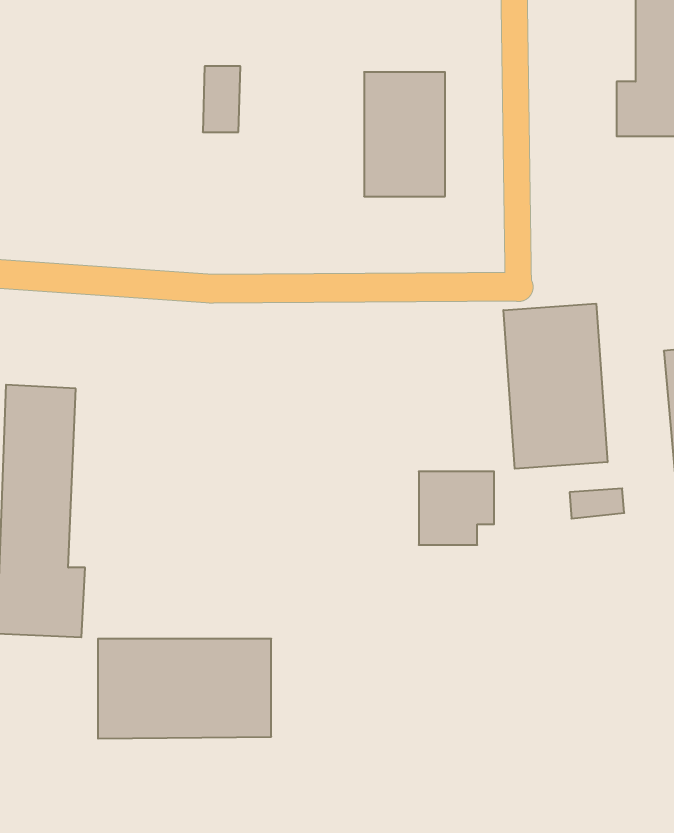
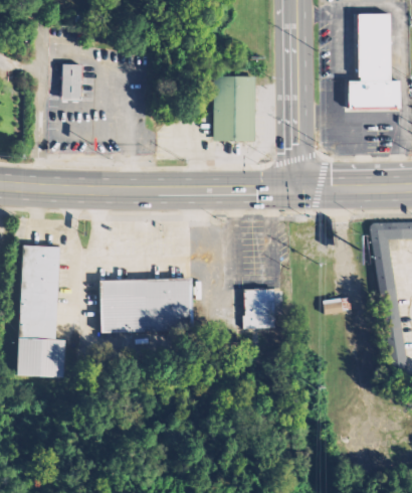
building: [203,66,240,132] -> [61,64,81,100]
building: [503,304,607,469] -> none
building: [98,639,271,739] -> [99,279,192,332]

